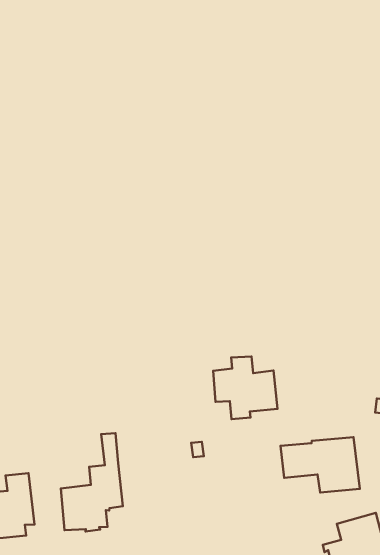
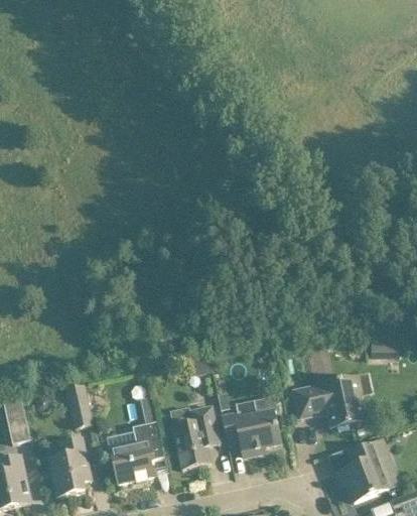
building: [213,356,277,419] -> [223,400,281,456]
building: none -> [66,385,93,427]
building: none -> [173,406,221,469]

